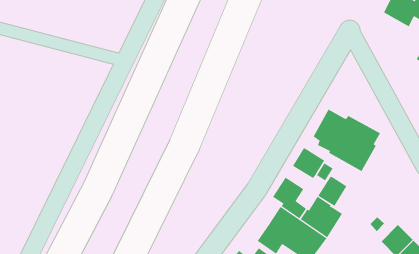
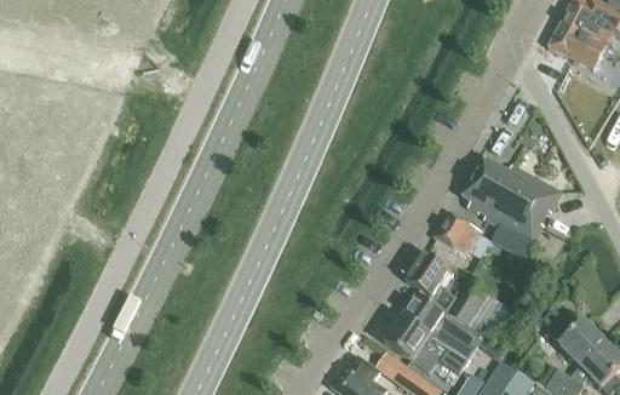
building: none -> [547,21,604,69]
building: [318,176,347,206] -> none

